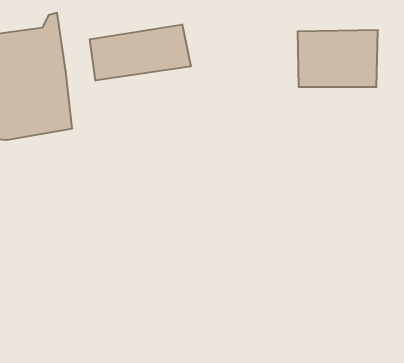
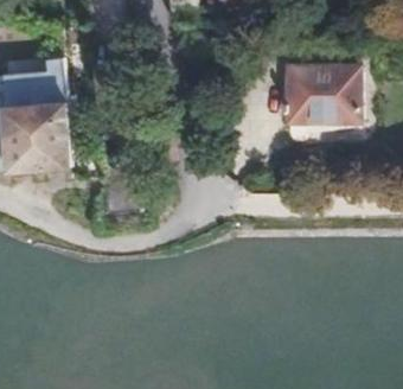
building: [90,24,191,81] -> none

